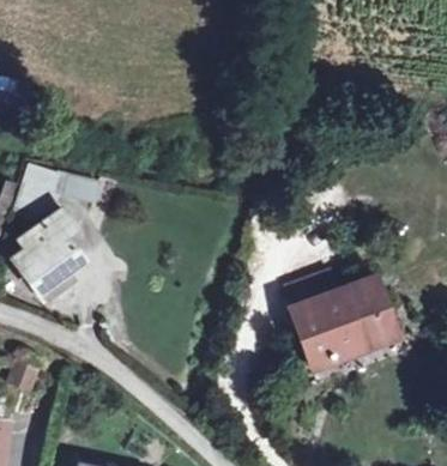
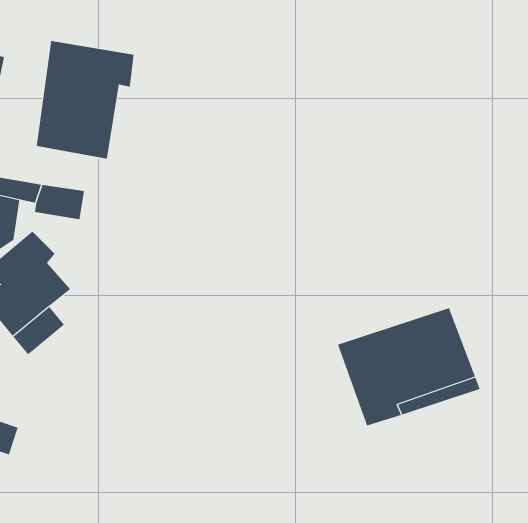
building: none -> [36,40,134,160]

